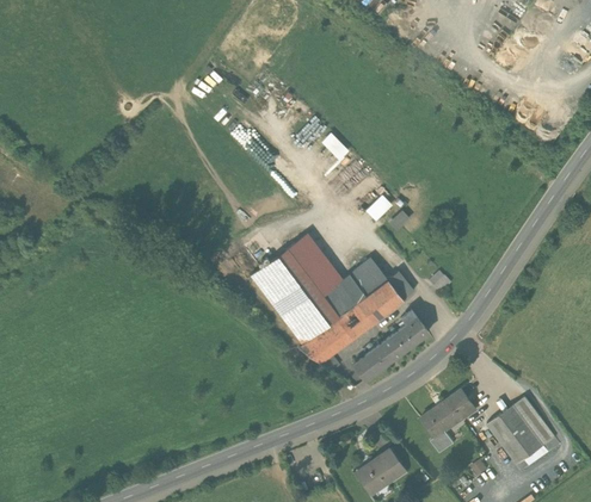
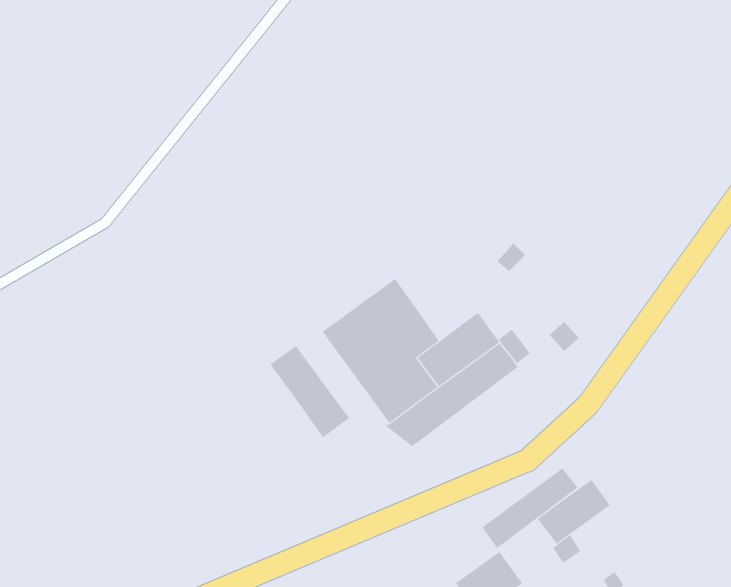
building: none -> [270,345,349,438]
building: [353,318,429,382] -> [482,468,578,549]
building: [486,397,554,466] -> none

